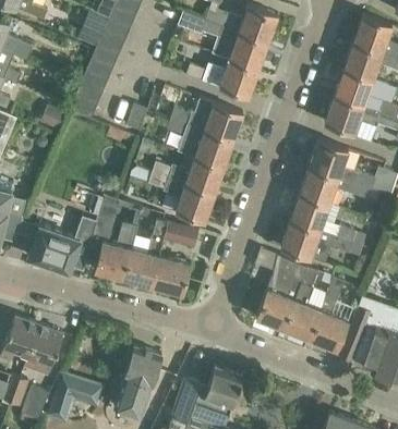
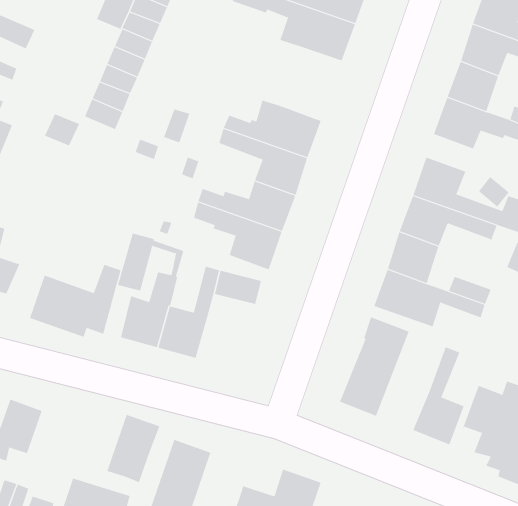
building: [185,60,257,97] -> none
building: [150,256,190,294] -> none
building: [282,267,321,339] -> none
building: [24,324,63,375] -> [107,414,160,483]

